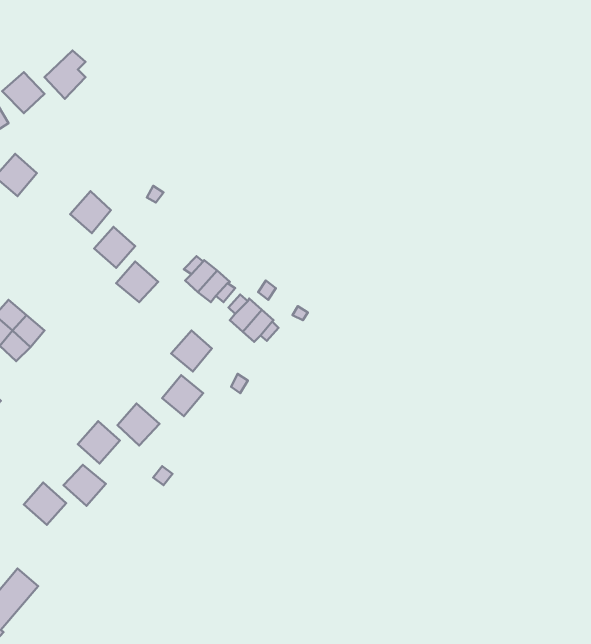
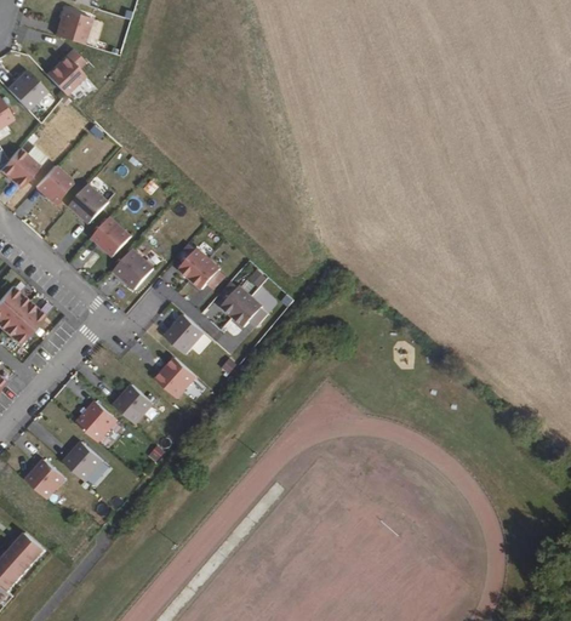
building: none -> [55,8,90,42]
building: none -> [34,165,73,204]

